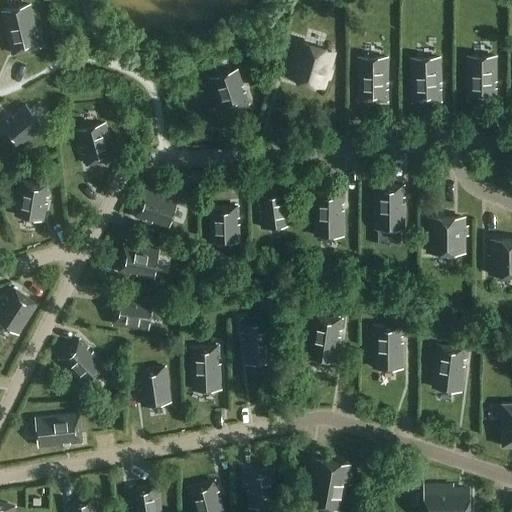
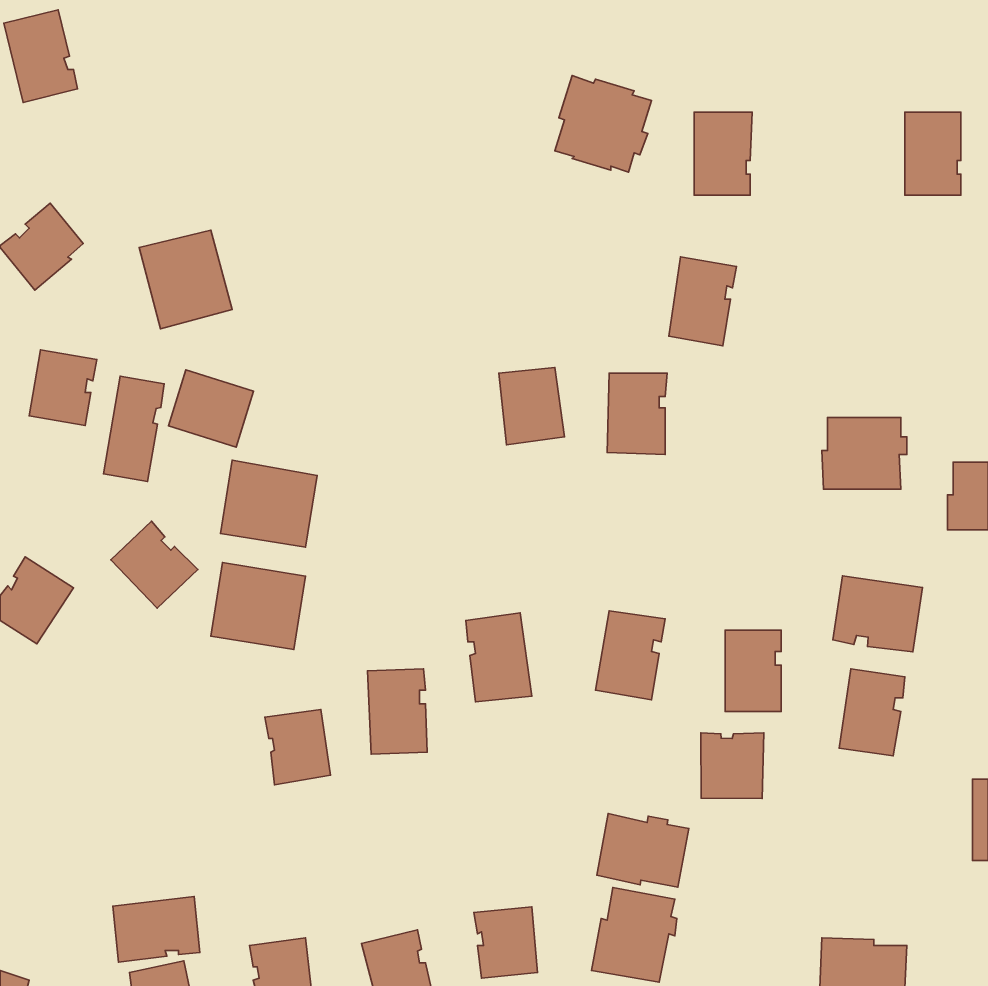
building: [412,60,442,103] -> none
building: [209,70,250,114] -> none
building: [374,184,409,230] -> [669,257,736,346]
building: [134,190,178,230] -> [168,370,253,447]
building: none -> [103,376,164,481]
building: [209,208,241,245] -> none
building: none -> [833,576,923,652]
building: [60,340,105,385] -> [111,521,198,608]
building: none -> [701,733,764,798]
building: [36,414,81,448] -> [113,896,200,962]
building: none -> [597,814,689,887]

